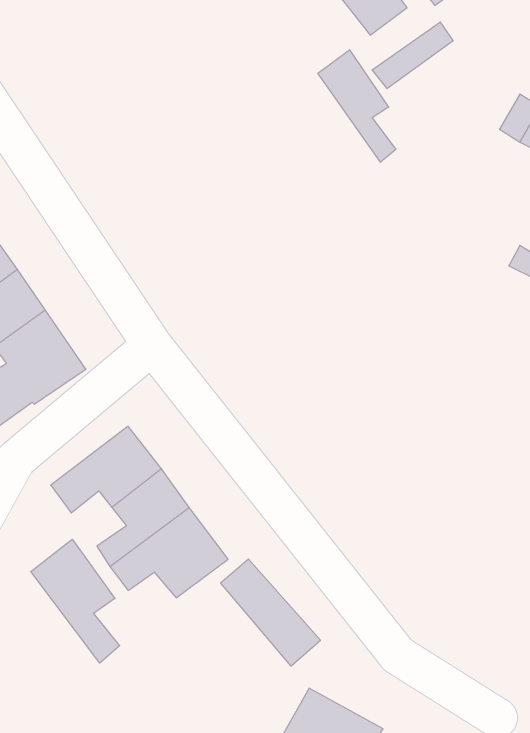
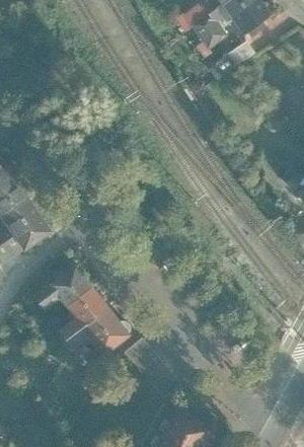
building: [318,50,396,162] -> none
building: [31,539,120,663] -> none

